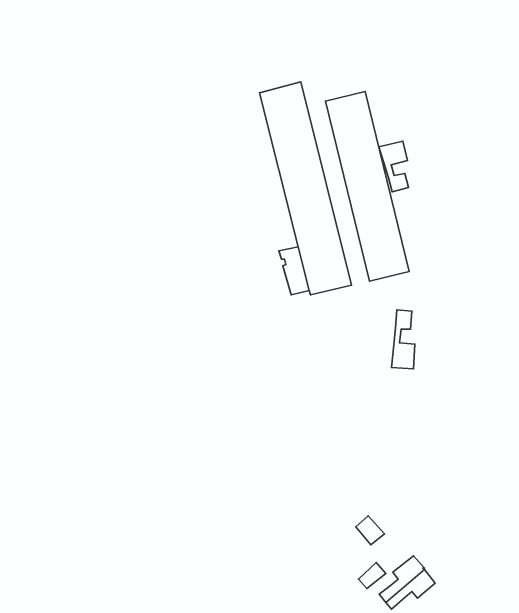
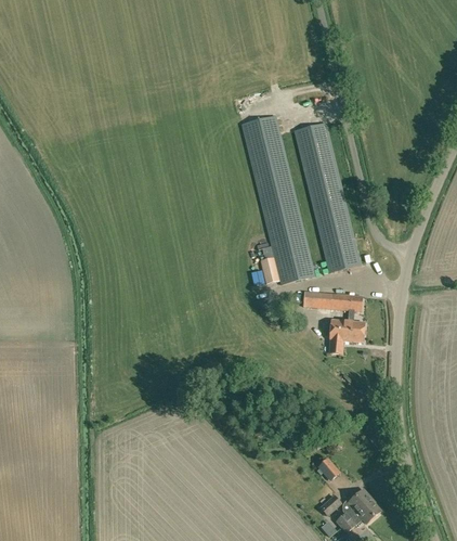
building: [379,141,409,192] -> none
building: none -> [303,292,350,310]
building: none -> [329,320,348,353]

